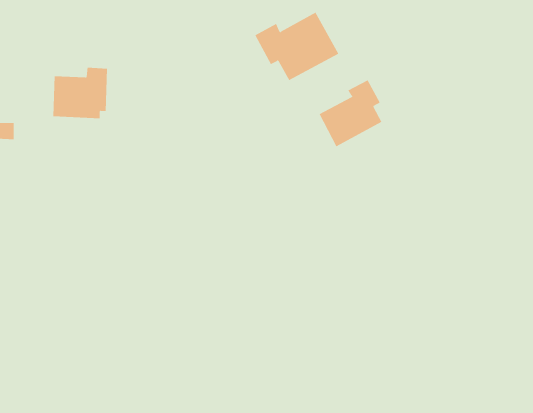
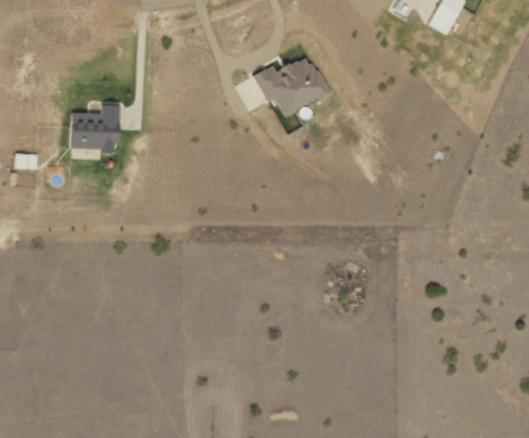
building: [319,80,382,147] -> none

